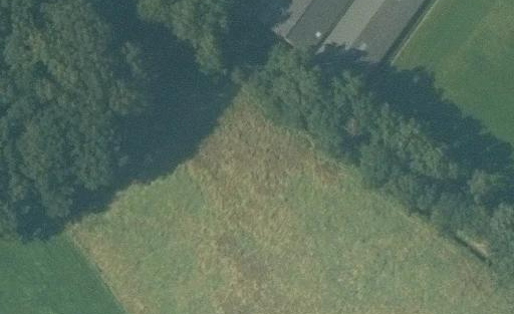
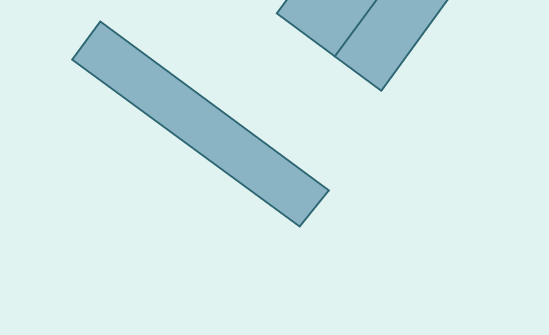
building: none -> [72,21,329,227]

